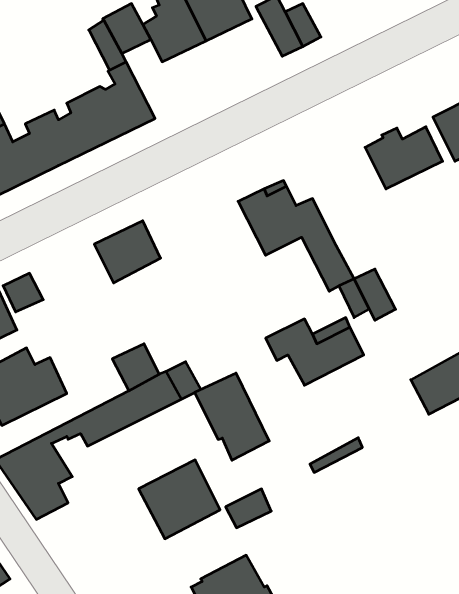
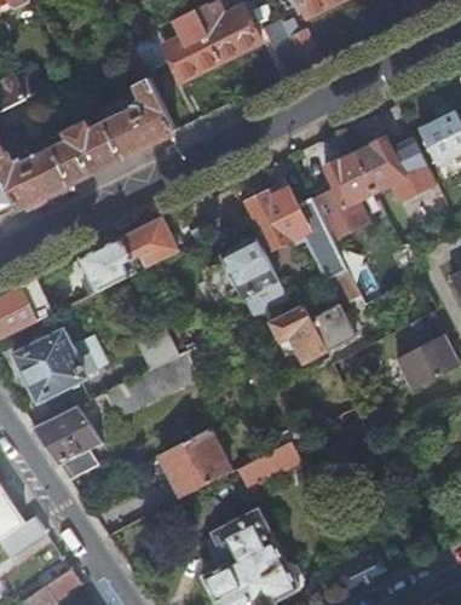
building: none -> [312,154,376,240]
building: none -> [81,238,138,292]
building: [195,373,269,460] -> [223,237,288,313]

